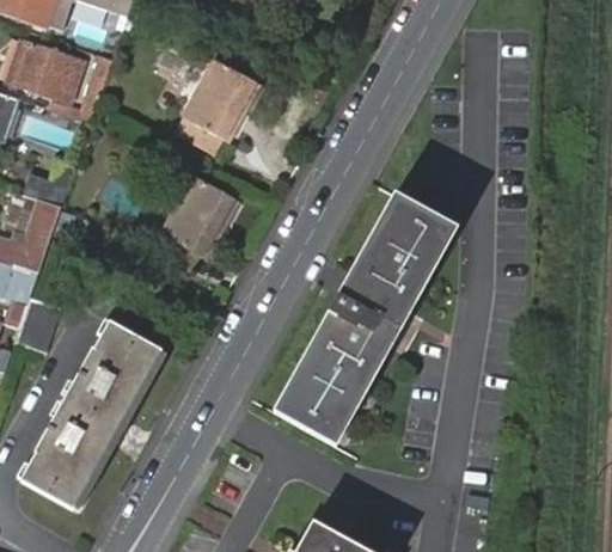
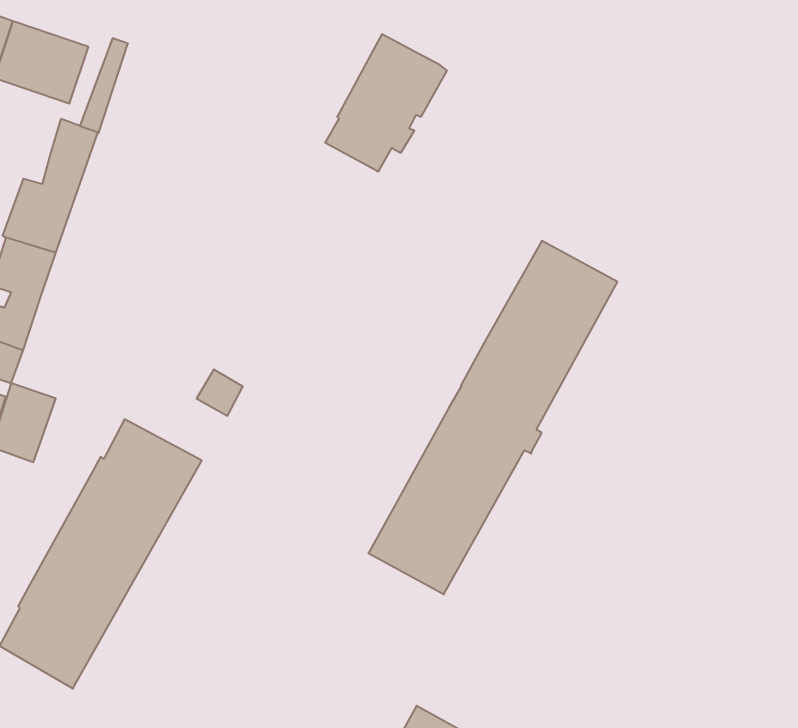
building: [176,57,261,153] -> [325,34,447,172]
building: [155,174,239,269] -> none

